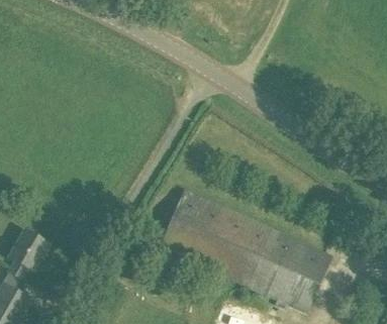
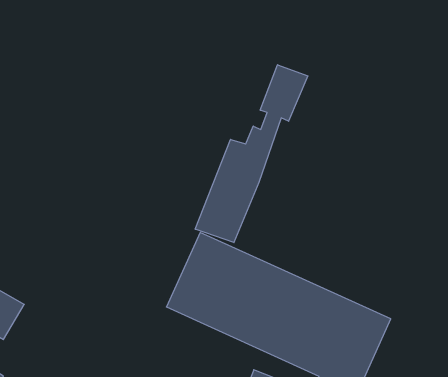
building: none -> [195,65,308,243]

